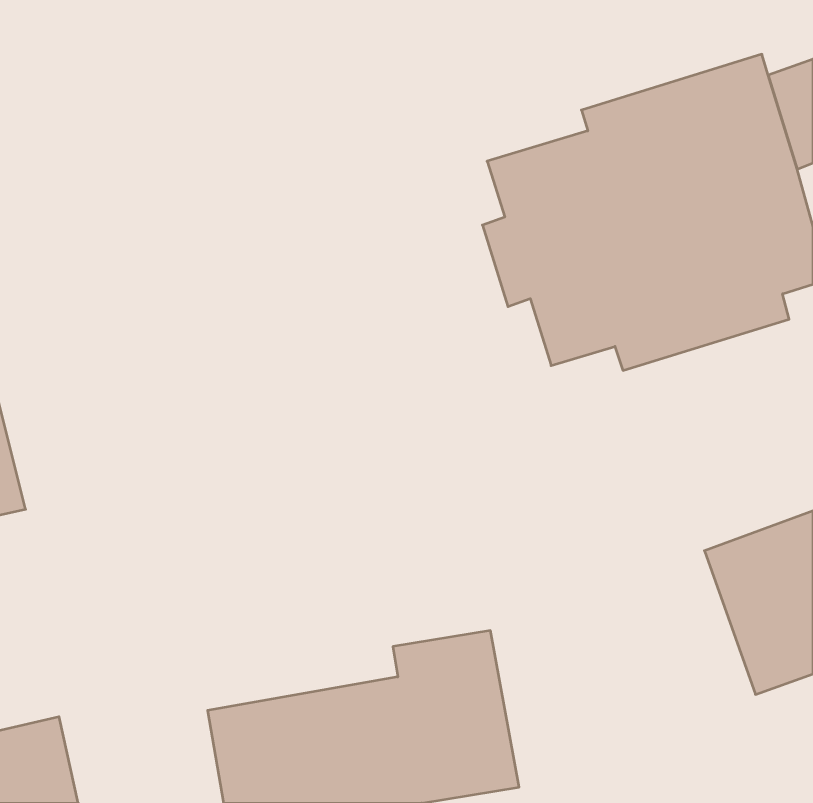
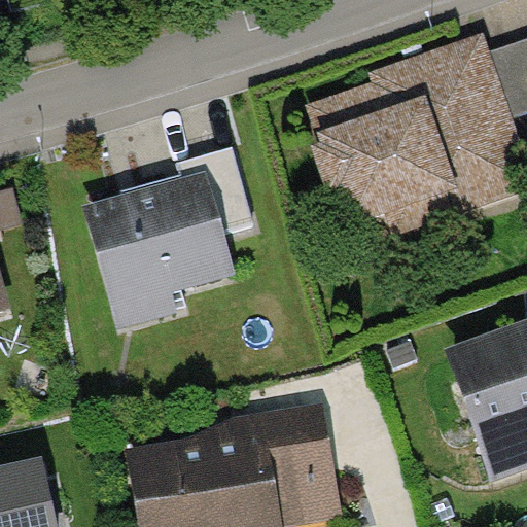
building: none -> [80,145,264,326]

